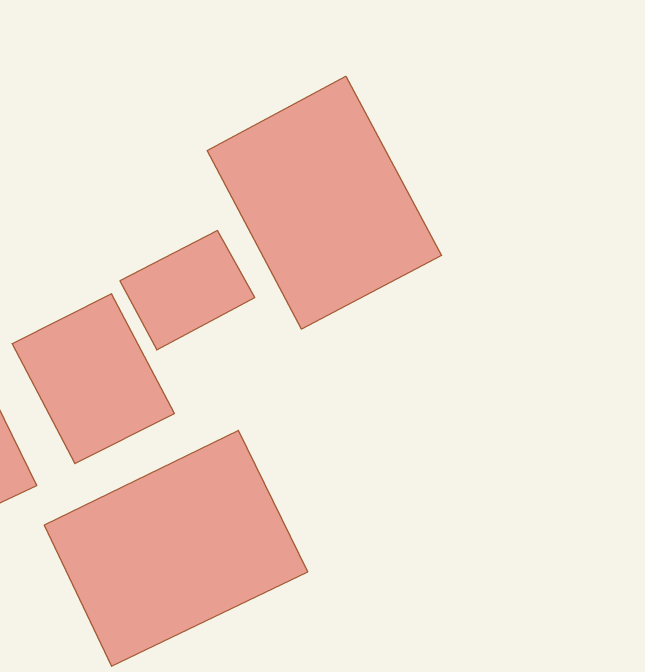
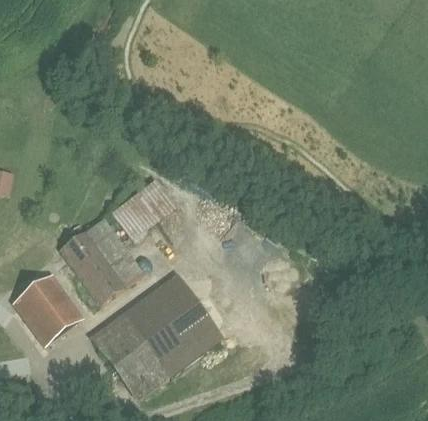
building: [207,76,442,329] -> none

